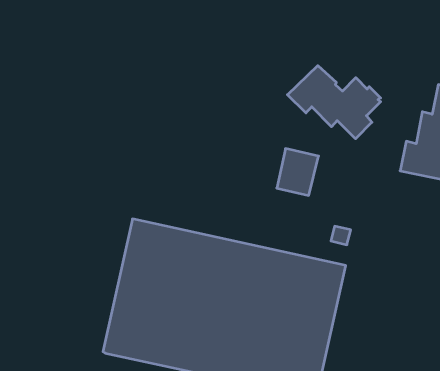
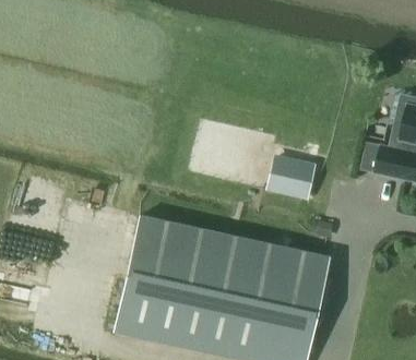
building: [287,66,381,139] -> none

